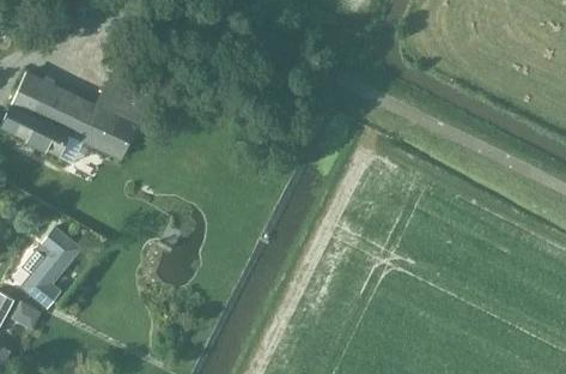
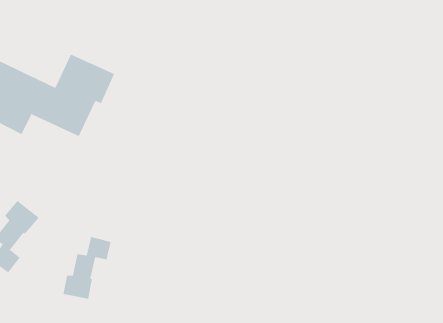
building: none -> [63,236,111,299]

